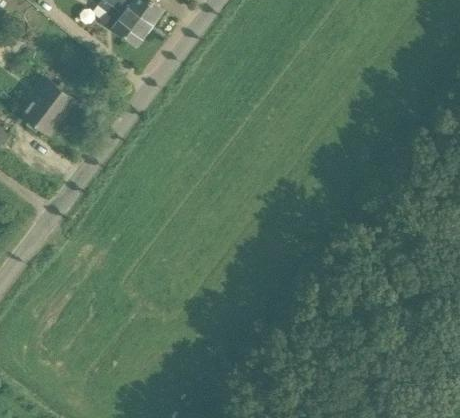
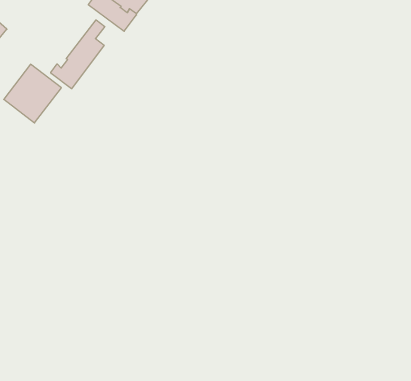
building: none -> [51,20,105,89]

